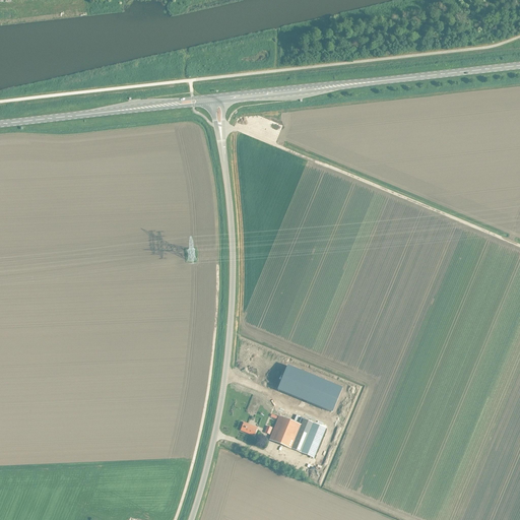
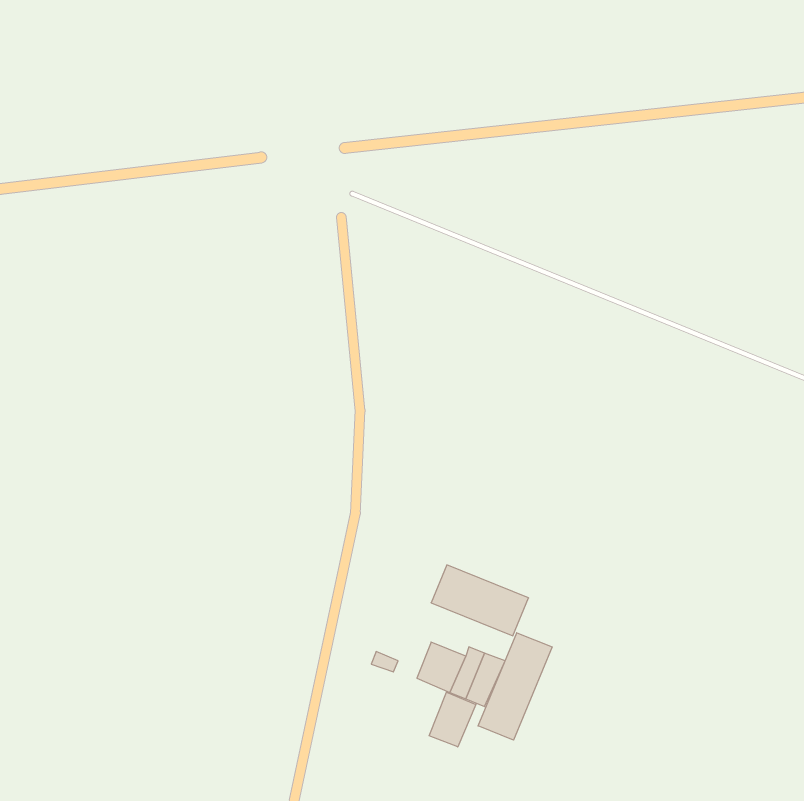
building: none -> [478,633,552,740]
building: none -> [429,692,476,747]

